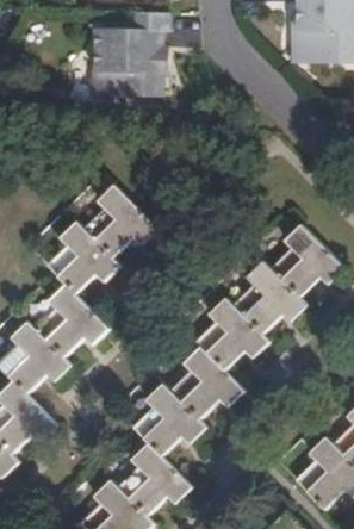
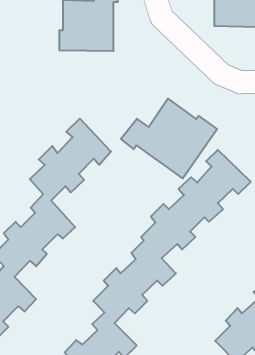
building: none -> [121,99,217,178]

